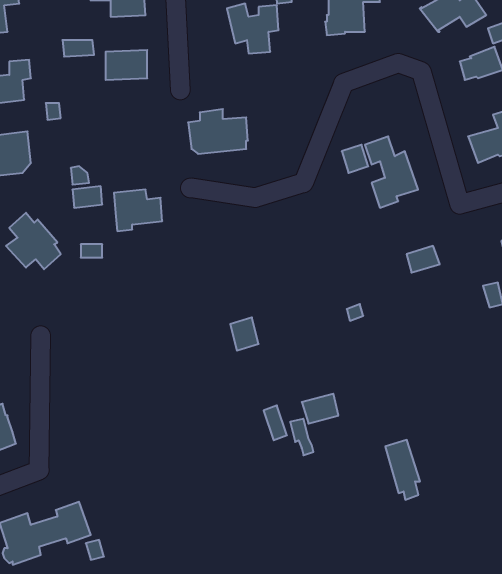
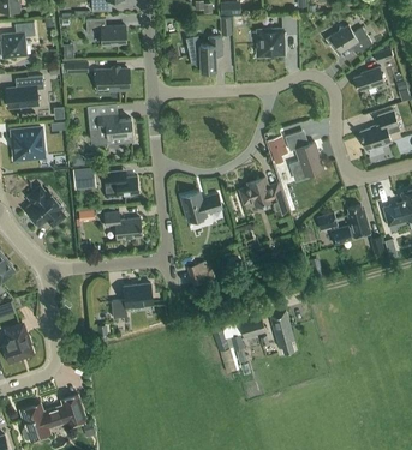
building: [188,109,248,154] -> [89,113,132,145]
building: none -> [239,178,282,210]
building: none -> [180,191,222,221]
building: none -> [330,204,370,246]
building: none -> [105,211,142,239]
building: none -> [111,283,153,318]
building: [385,440,420,500] -> [269,310,294,353]

